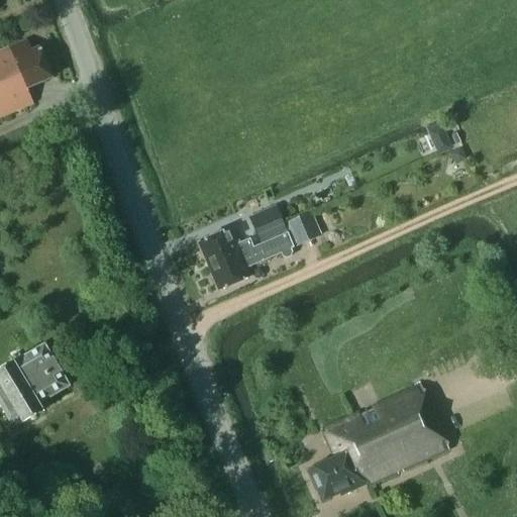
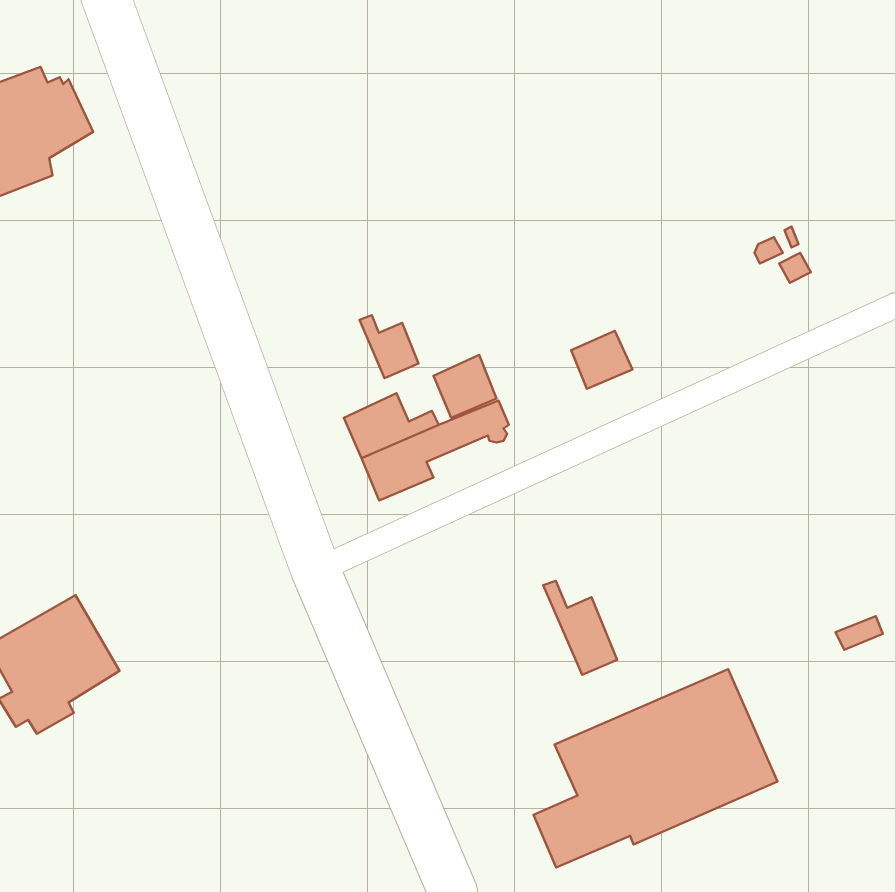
building: none -> [360,315,418,378]
building: [286,210,321,243] -> [571,331,632,389]
building: none -> [543,581,617,675]

